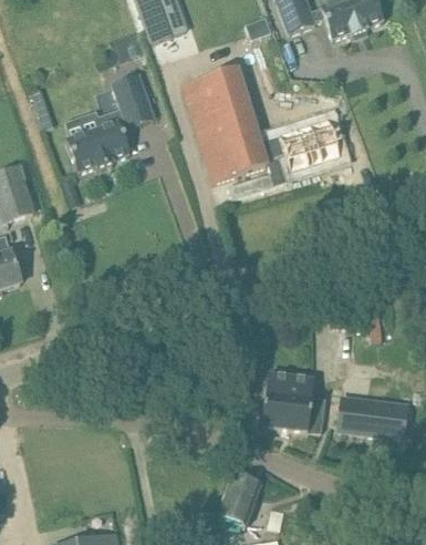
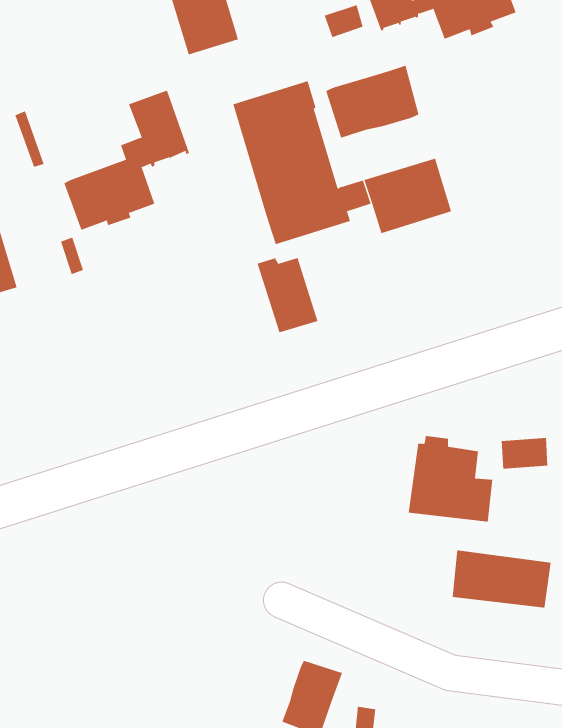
building: none -> [326,65,419,139]
building: none -> [257,257,318,333]
building: [262,368,322,429] -> [408,435,493,522]

